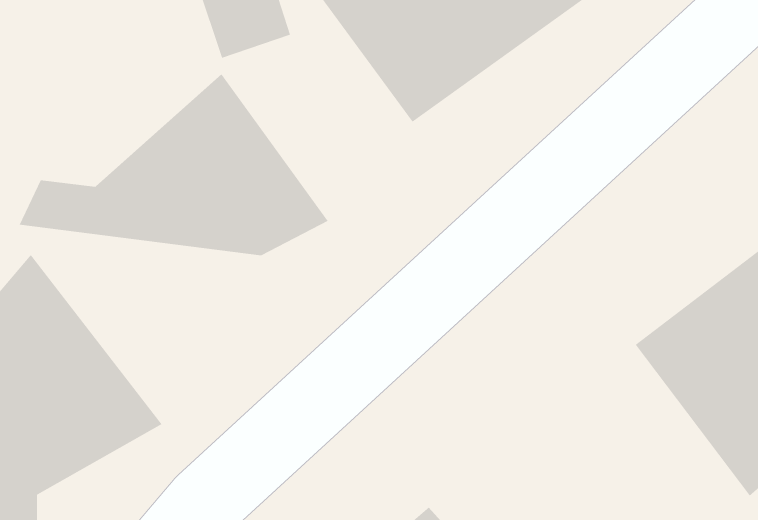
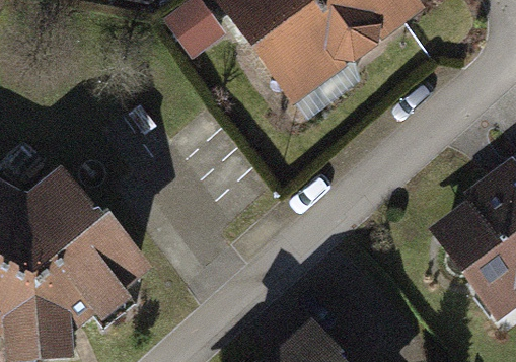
building: [19,74,328,256] -> none

